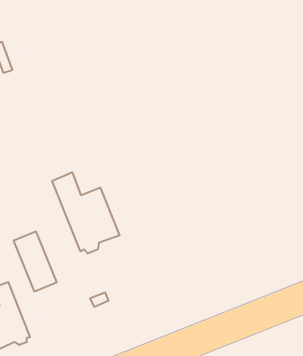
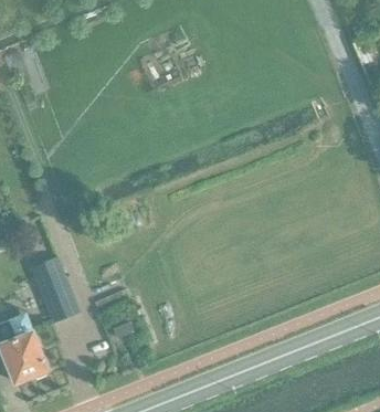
building: [52,172,120,254] -> none

